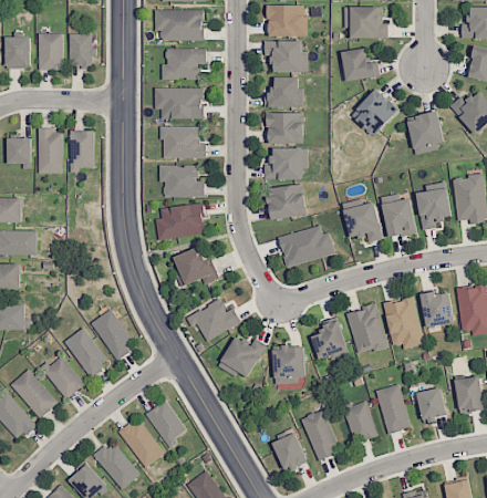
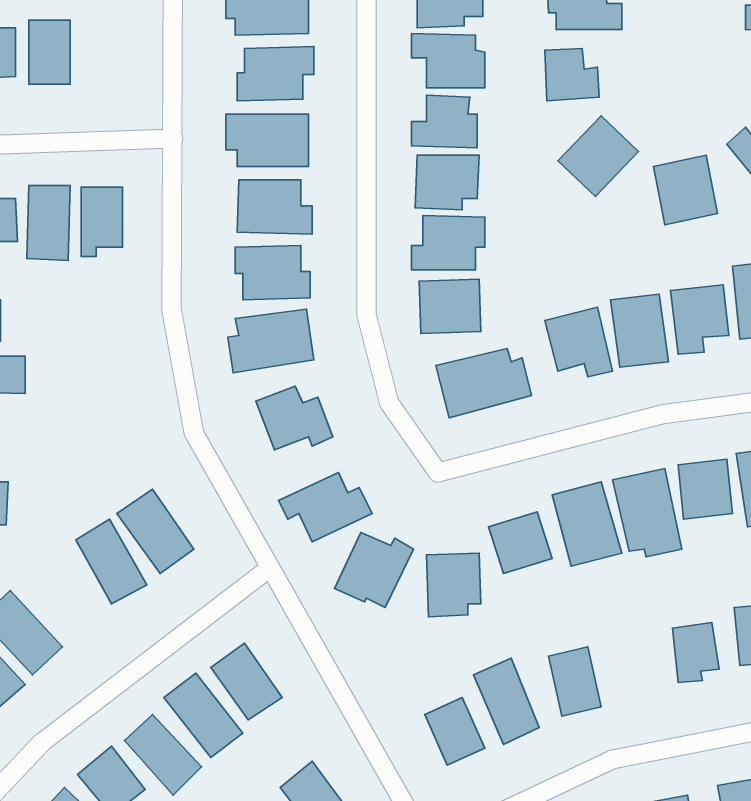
building: [69,33,93,66] -> none
building: [42,354,83,400] -> none
building: [376,384,408,433] -> none

